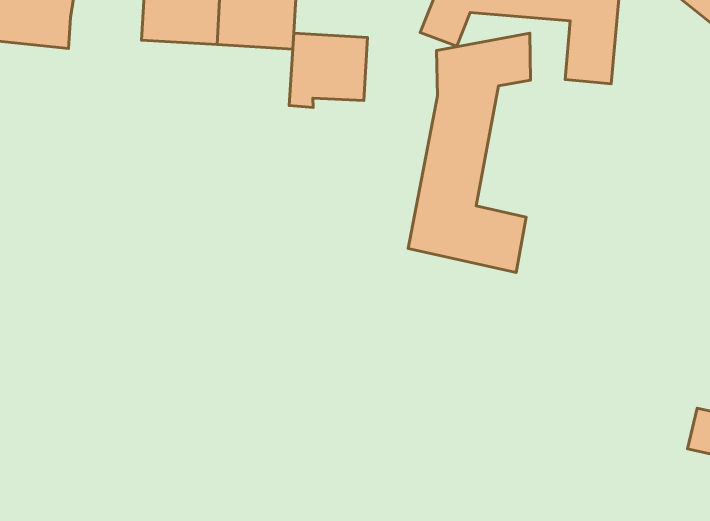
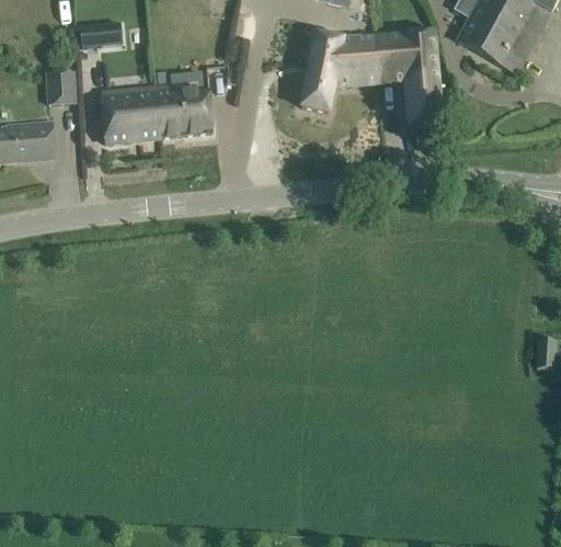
building: [408,33,530,273] -> none
building: [289,33,368,107] -> none

